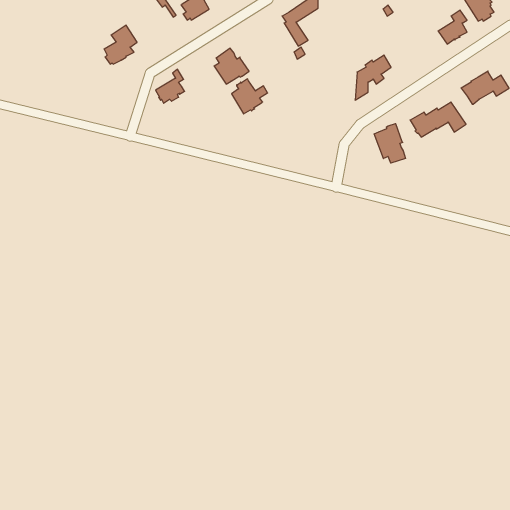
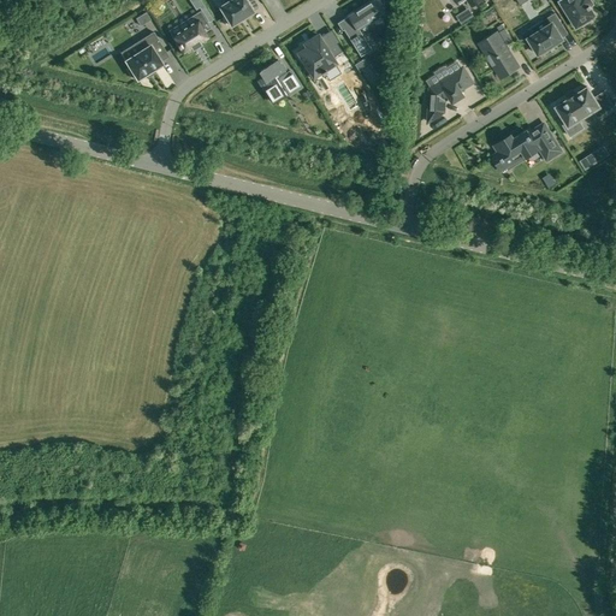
building: none -> [479,32,517,76]
building: [156,69,185,103] -> [172,10,207,51]
building: [232,79,268,114] -> [297,34,340,76]
building: [374,124,405,163] -> none

